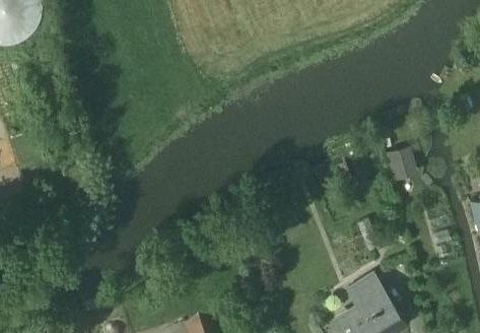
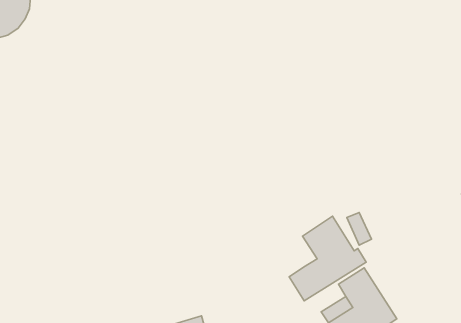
building: [386,144,414,171] -> none
building: none -> [289,216,366,301]

